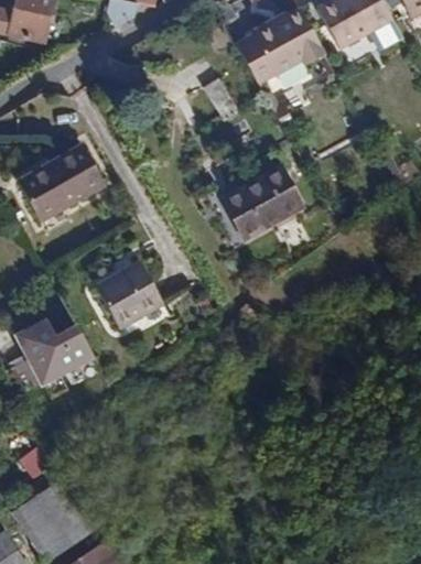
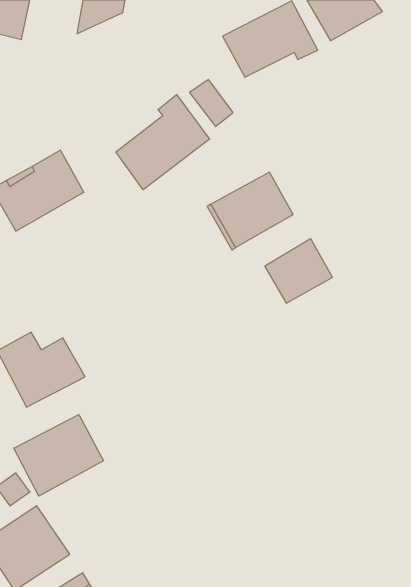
building: none -> [116,95,210,190]
building: none -> [265,239,332,303]
building: [96,262,162,328] -> none
building: none -> [14,415,103,496]

